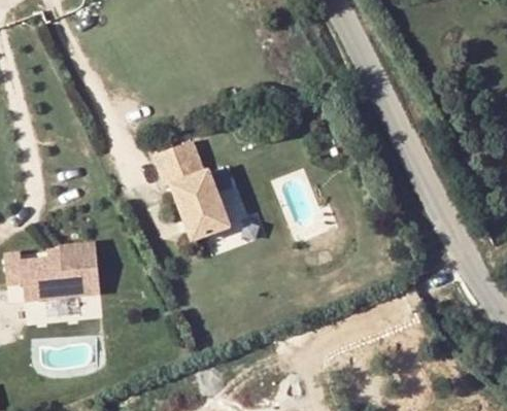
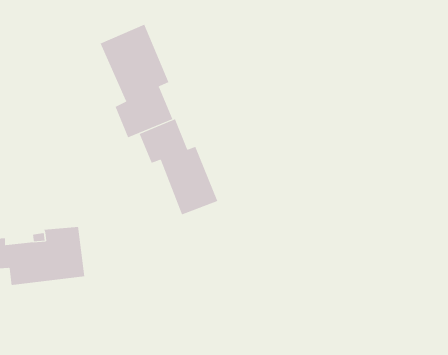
building: none -> [100,24,173,138]

